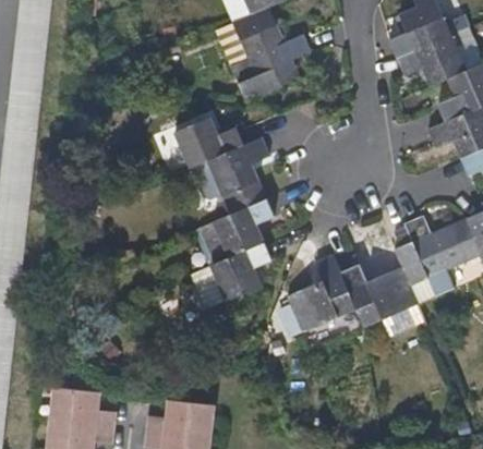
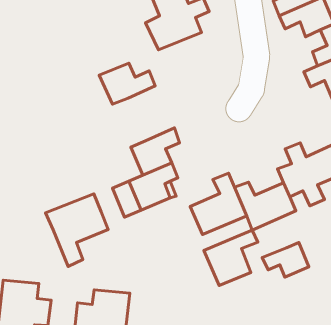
building: [209,137,269,215] -> none
building: none -> [45,194,108,266]
building: none -> [204,230,258,286]
building: none -> [262,243,309,277]

